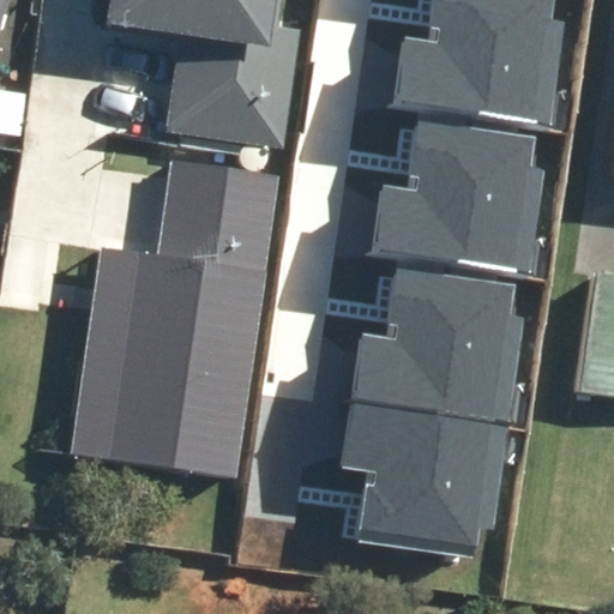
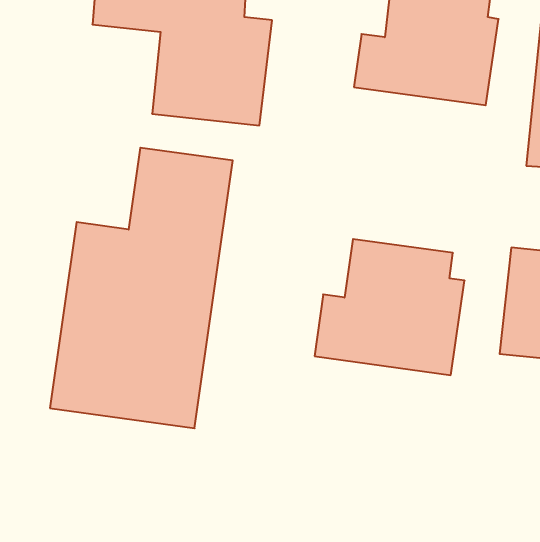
building: [385,120,546,265] -> none
building: [350,402,512,552] -> none

